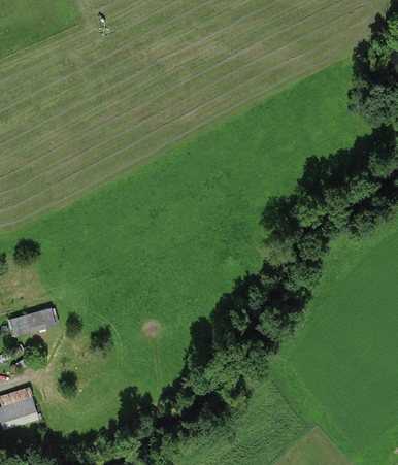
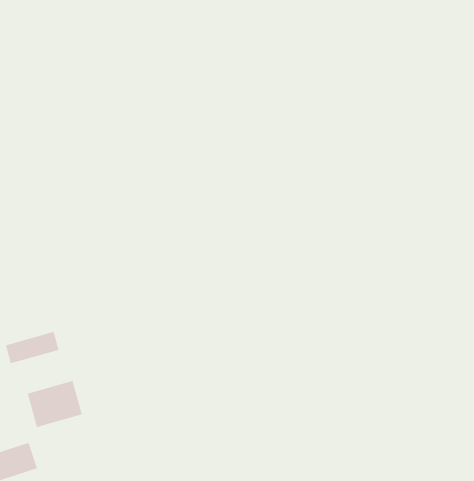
building: none -> [27,380,83,428]

